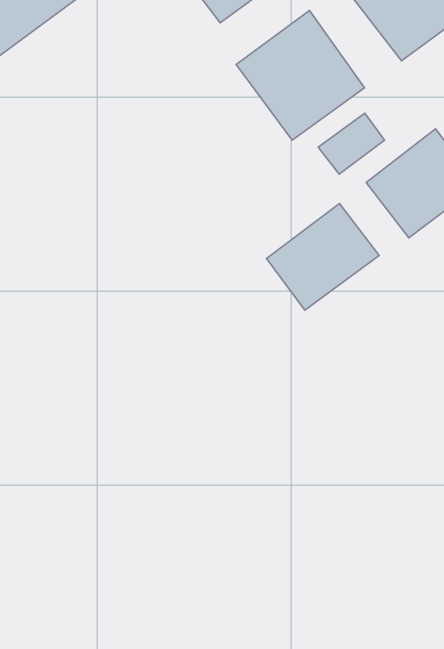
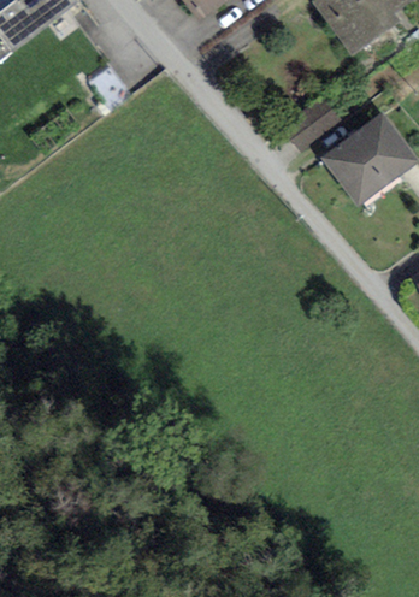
building: [236,10,365,140] -> none
building: [267,203,379,310] -> none

